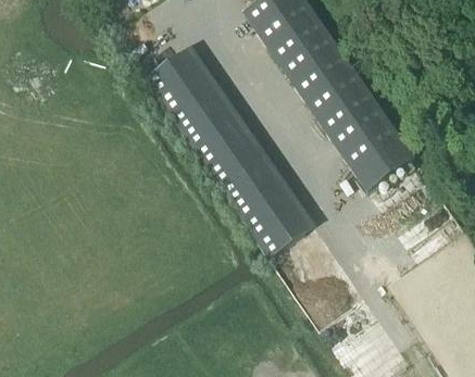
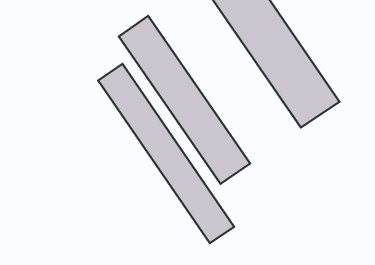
building: none -> [98,64,234,243]

